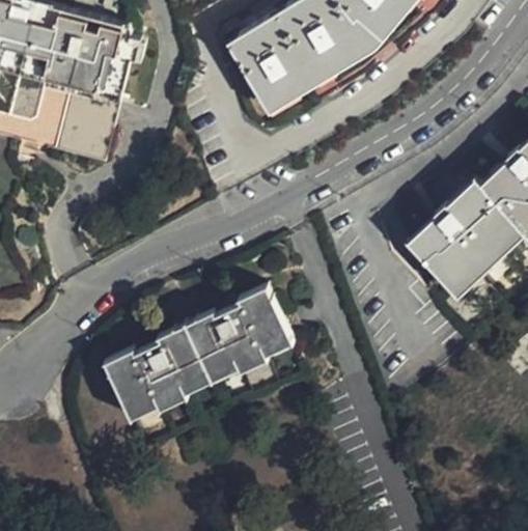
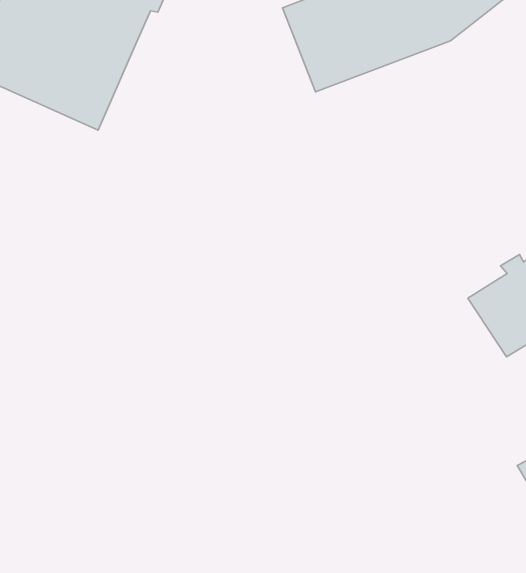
building: [110,283,291,411] -> none

